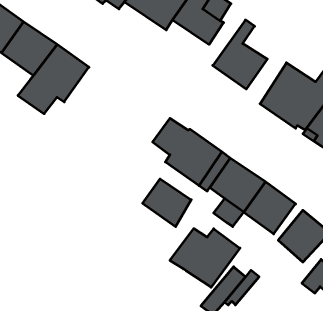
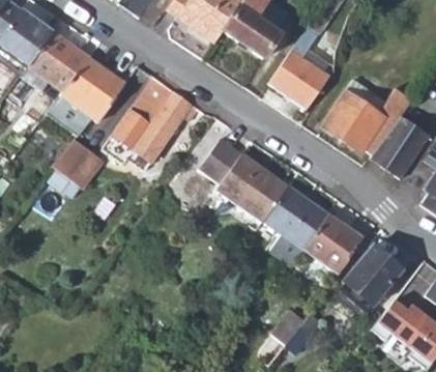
building: none -> [113,76,199,161]
building: none -> [53,140,96,181]
building: [143,179,191,227] -> none
building: [170,229,240,287] -> none

